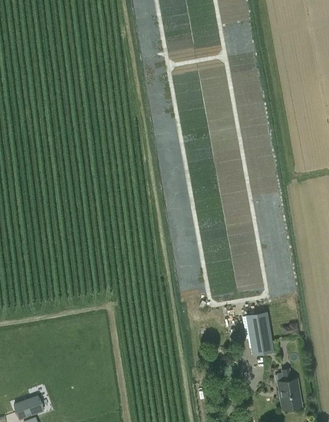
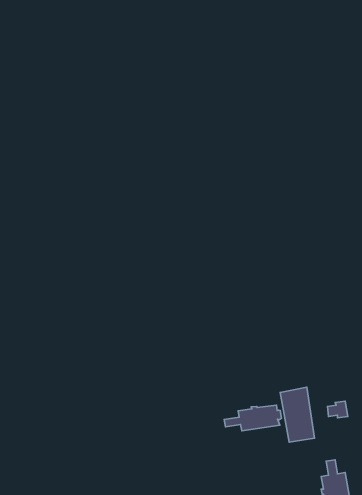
building: none -> [224,405,281,431]

